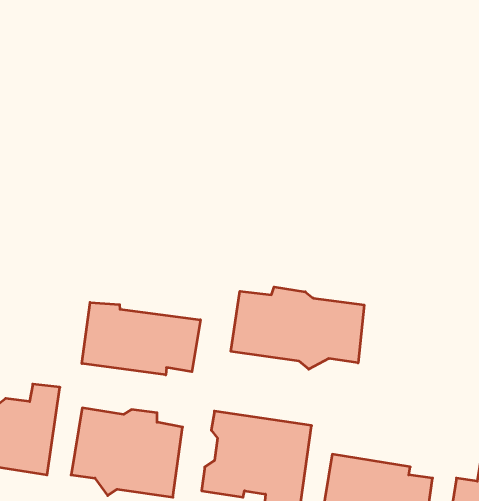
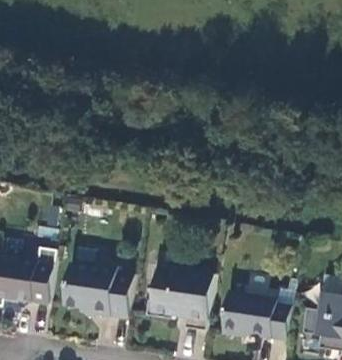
building: [231,287,364,369] -> none
building: [82,302,200,375] -> none

